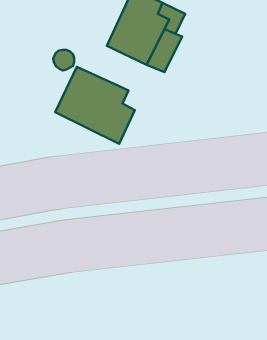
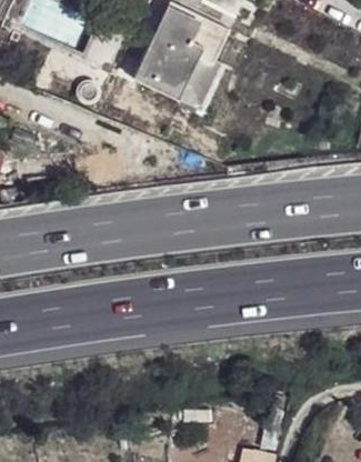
building: [55,67,135,144] -> none

